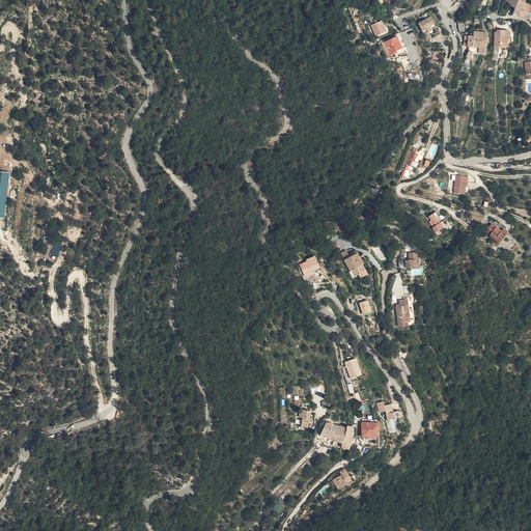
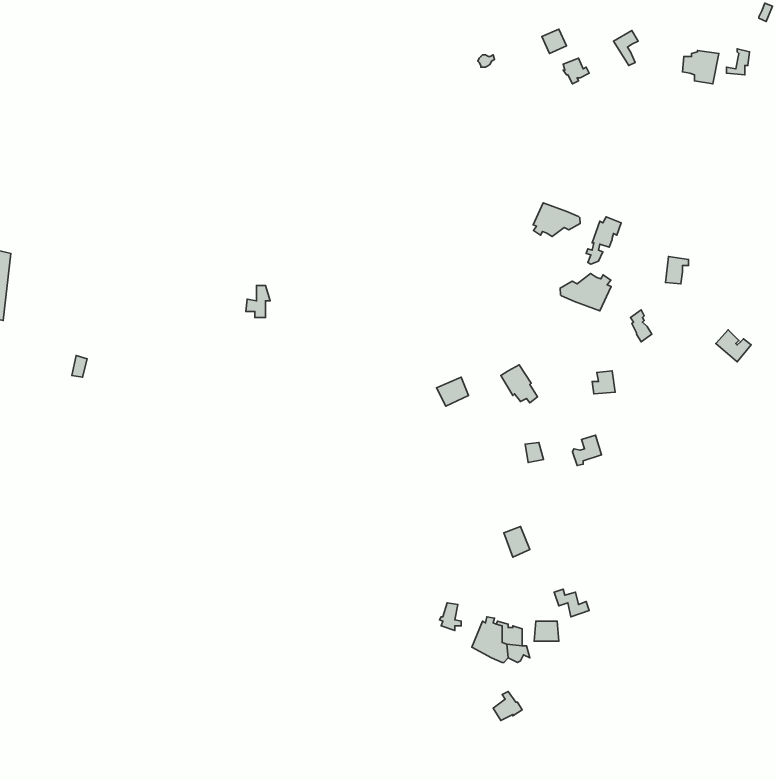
building: none -> [533,203,580,237]
building: none -> [560,274,611,311]

